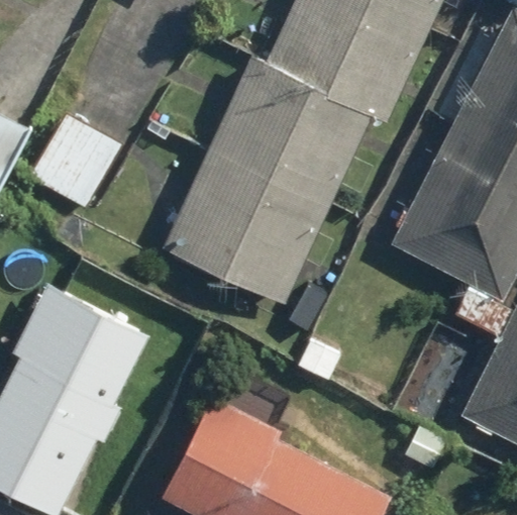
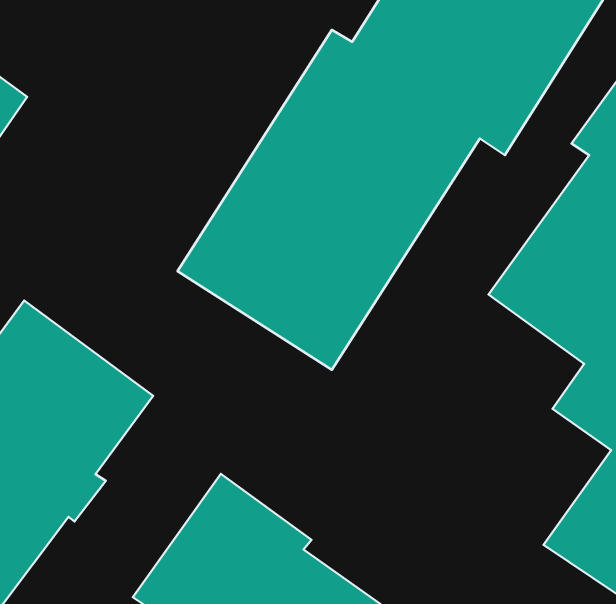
building: [22,107,123,211] -> none

